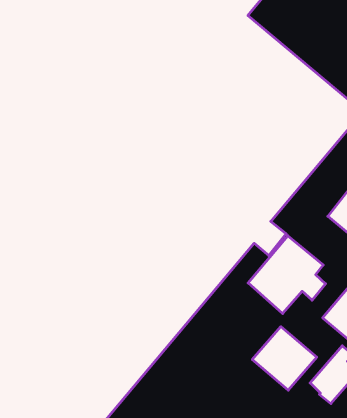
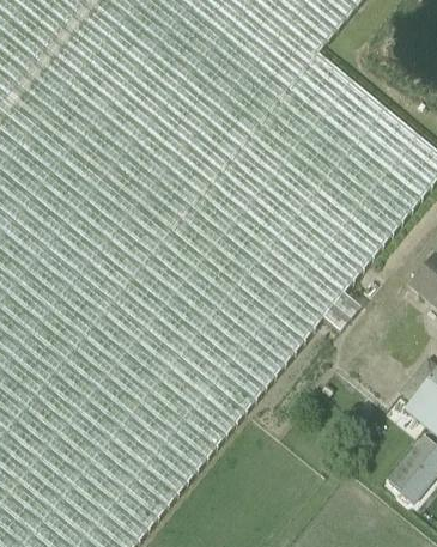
building: [248,236,326,314] -> none
building: [252,327,317,390] -> none

